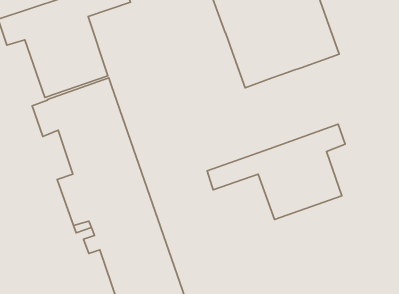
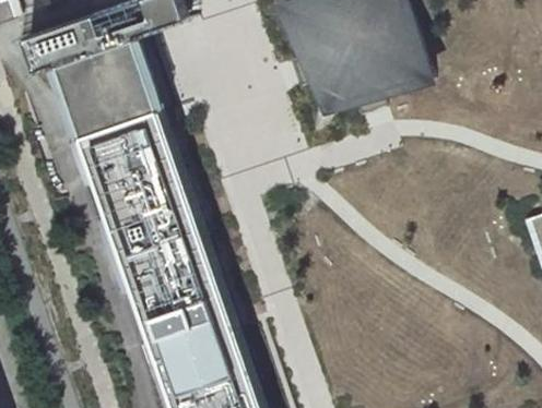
building: [207,124,345,220] -> none

